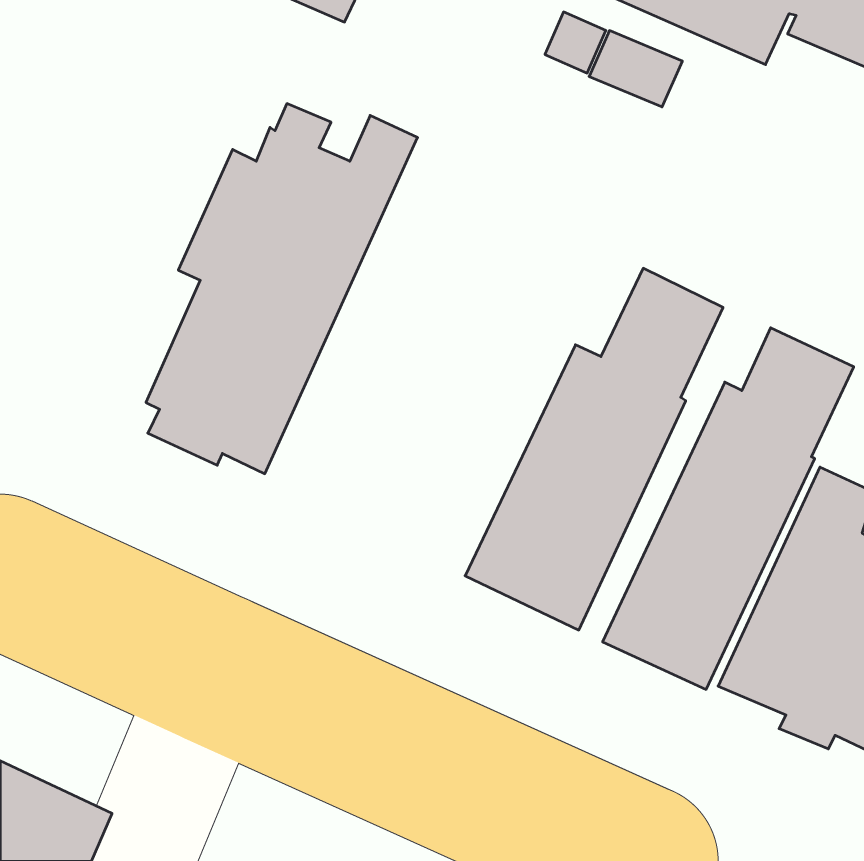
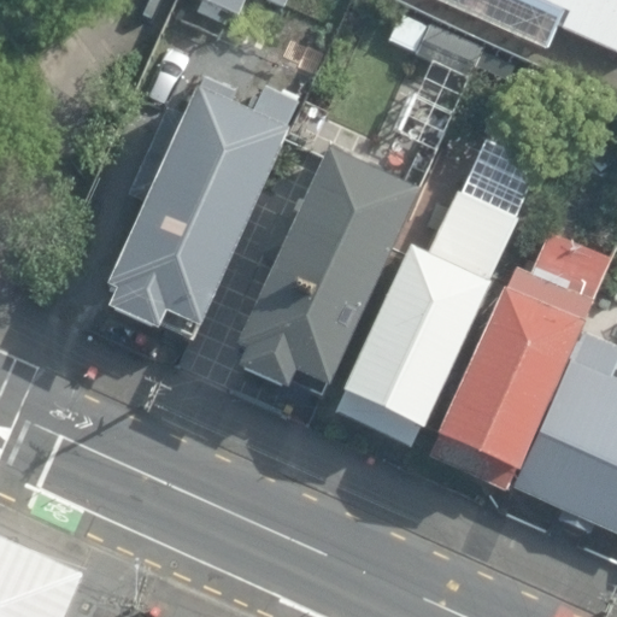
building: none -> [230,146,419,394]

